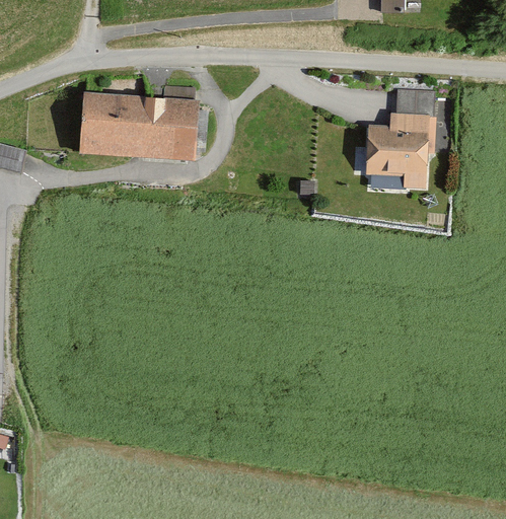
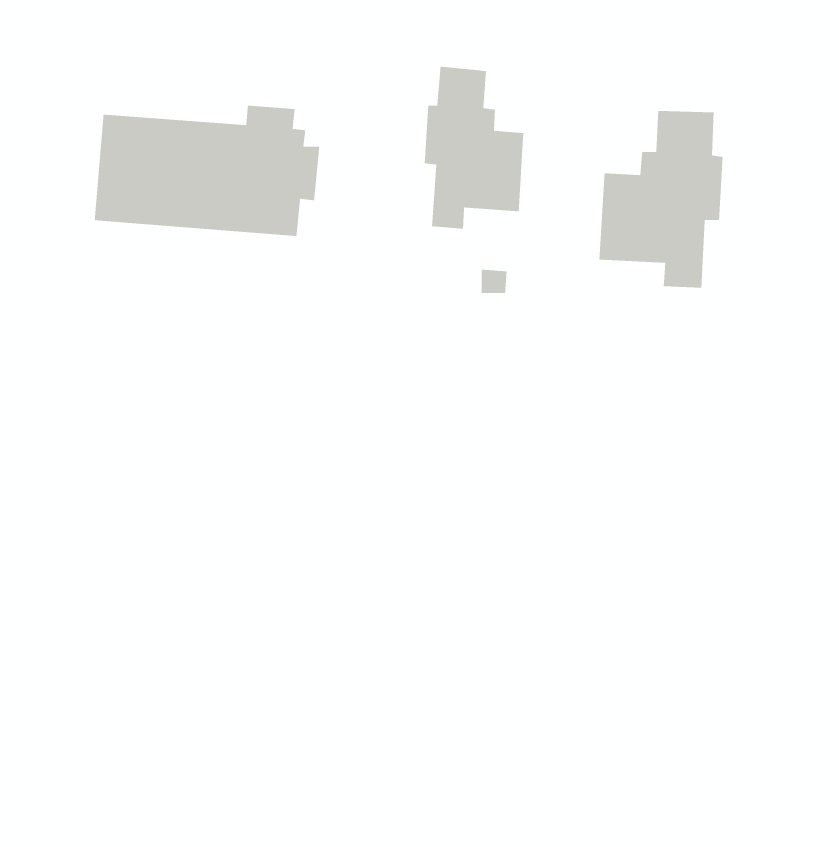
building: none -> [424,66,524,229]

